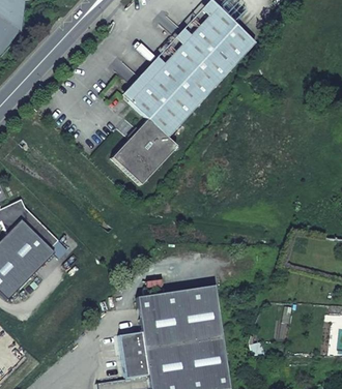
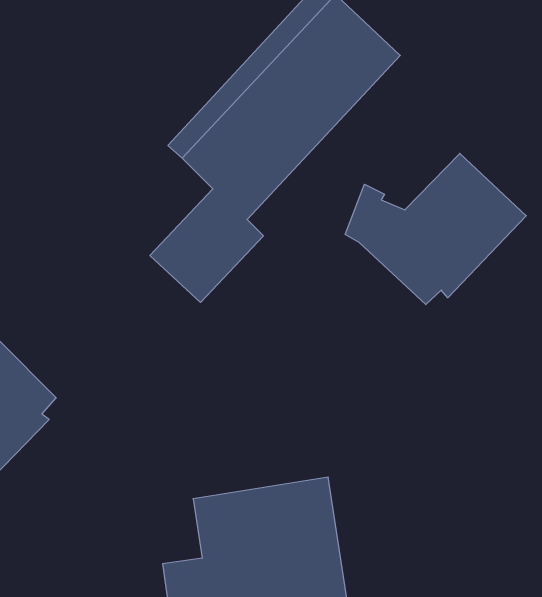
building: none -> [345,153,526,305]

